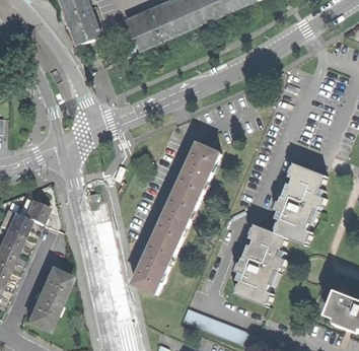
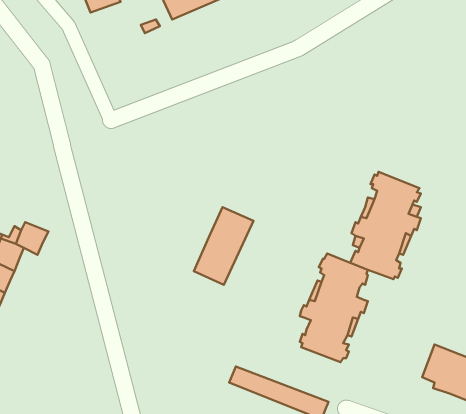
building: [175,142,220,199] -> none
building: [133,236,176,293] -> none
building: [22,268,66,330] -> none

